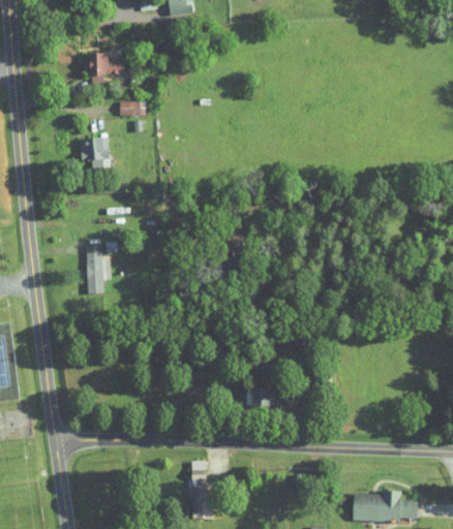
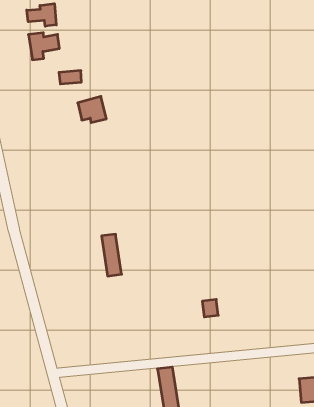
building: none -> [27,4,56,26]
building: [80,136,111,165] -> [78,96,106,123]
building: [86,246,103,293] -> [102,234,122,276]

